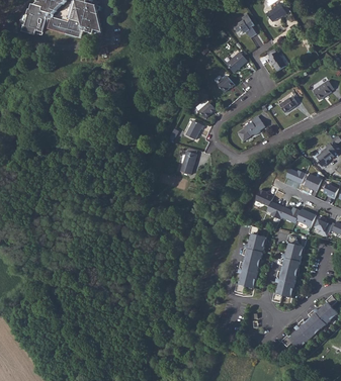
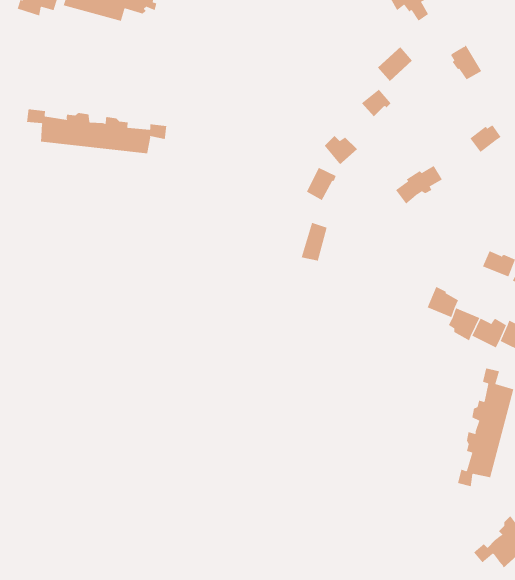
building: none -> [27,108,167,154]
building: [235,225,267,293] -> none

